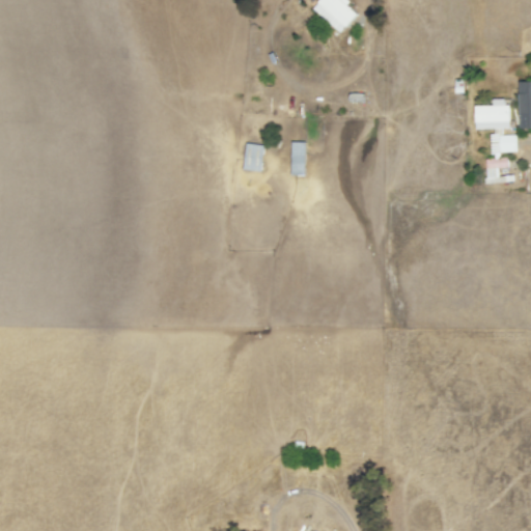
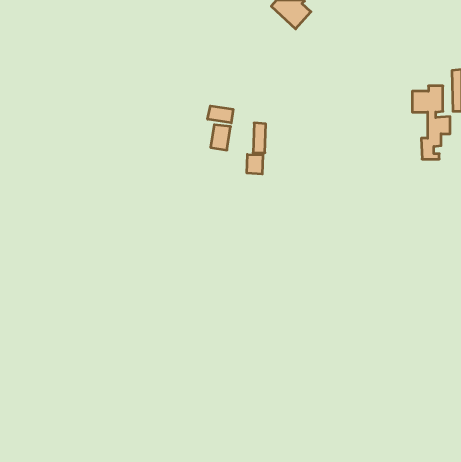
building: none -> [208,106,233,123]
building: none -> [247,154,263,174]

